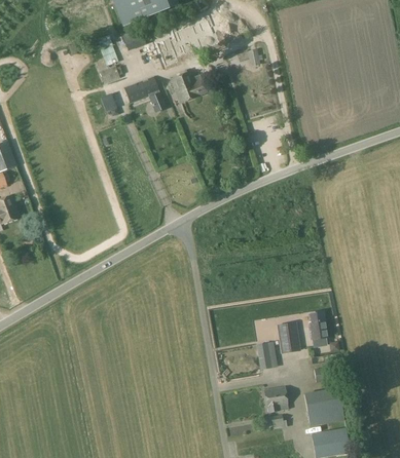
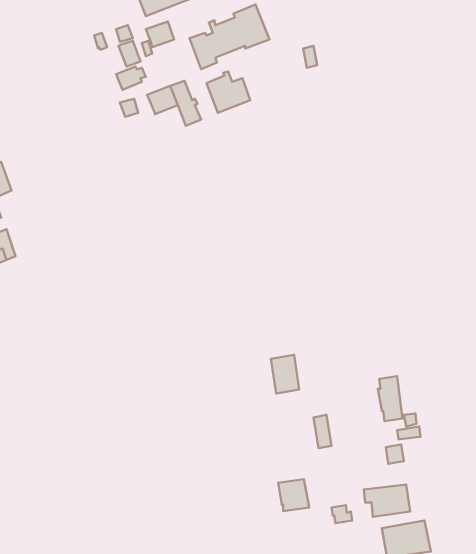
building: [278,321,300,352] -> [271,355,299,394]
building: [264,386,289,412] -> [278,479,309,511]

